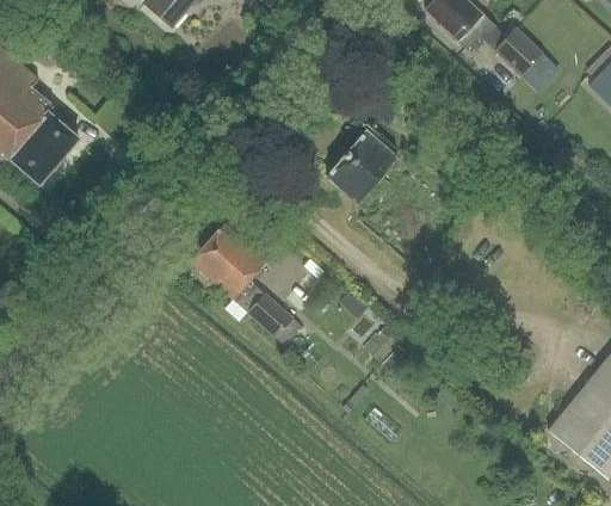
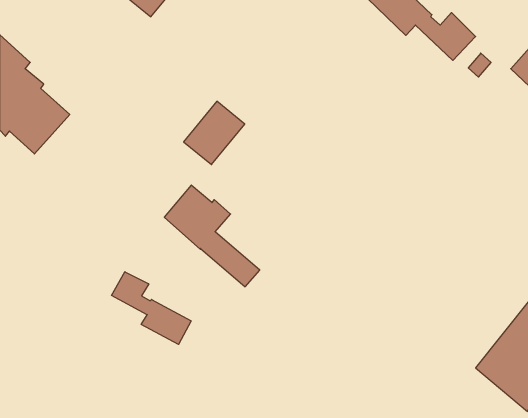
building: [327,131,397,204] -> [184,101,245,165]
building: none -> [112,272,191,344]

